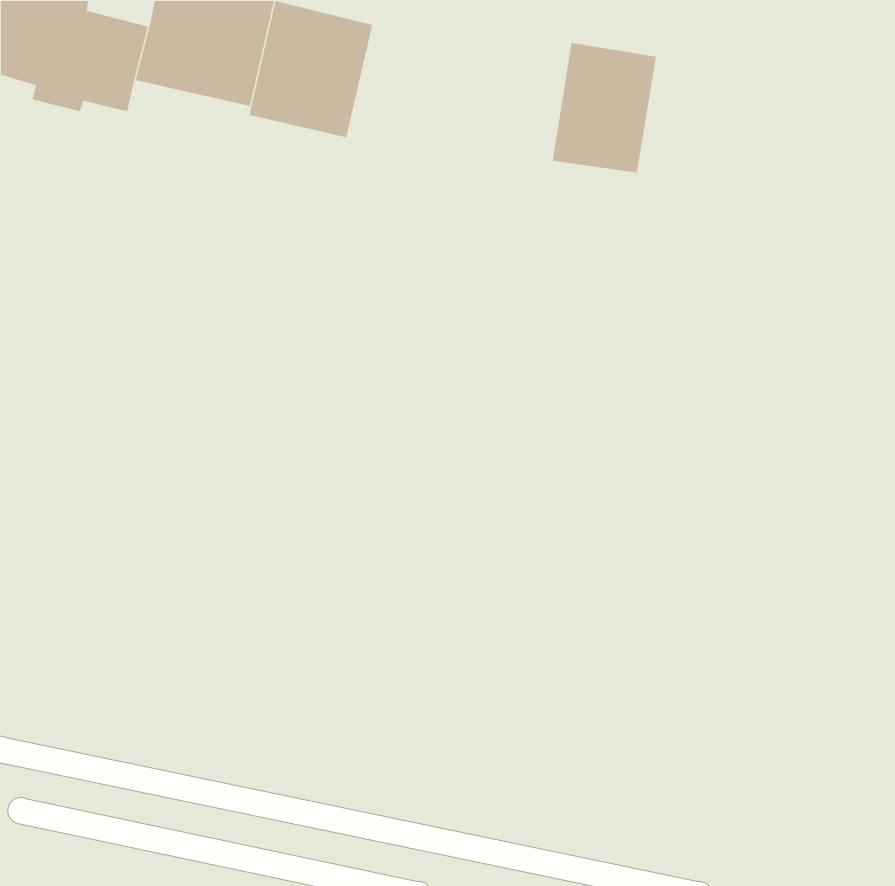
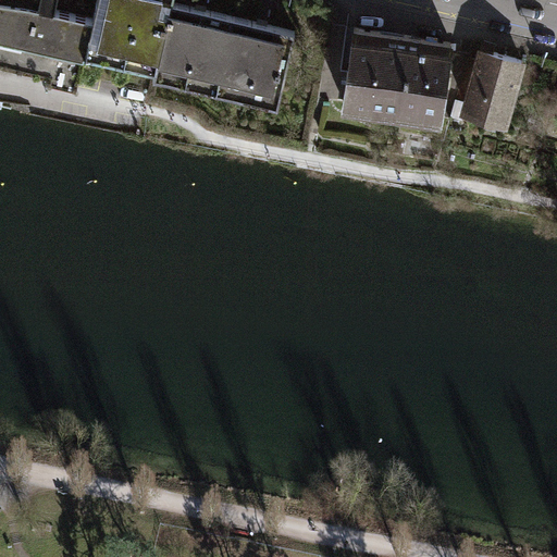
building: none -> [215,21,294,107]
building: none -> [396,40,450,121]
building: none -> [466,53,521,120]

